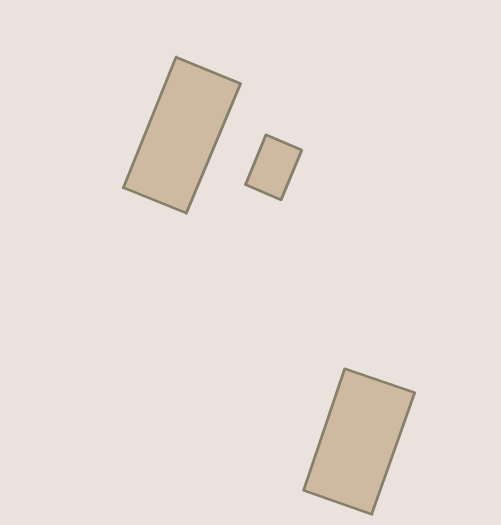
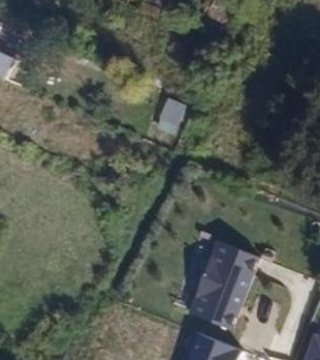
building: [123,57,240,213] -> none

